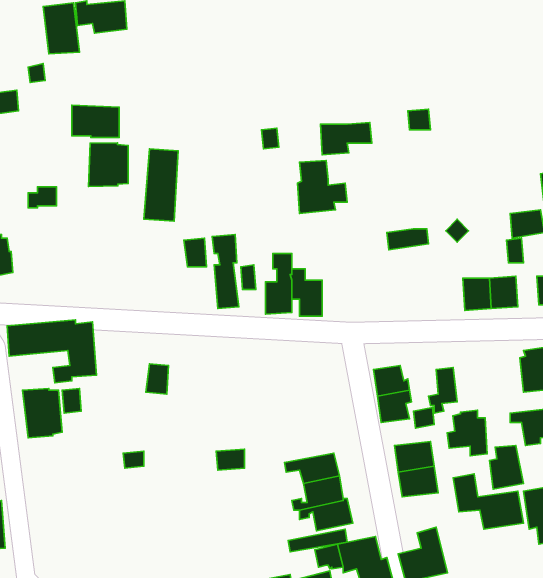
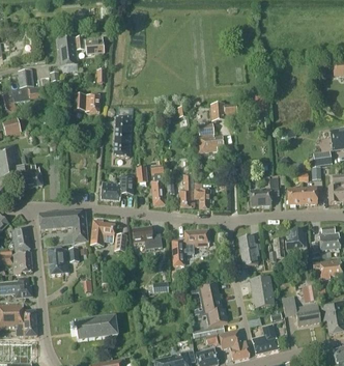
building: [89,143,128,186] -> none
building: none -> [99,176,134,200]
building: none -> [250,177,278,206]
building: none -> [90,220,114,246]
building: none -> [132,226,162,249]
building: none -> [172,229,209,264]
building: [447,410,487,456] -> [285,228,307,253]
building: none -> [69,316,118,341]

